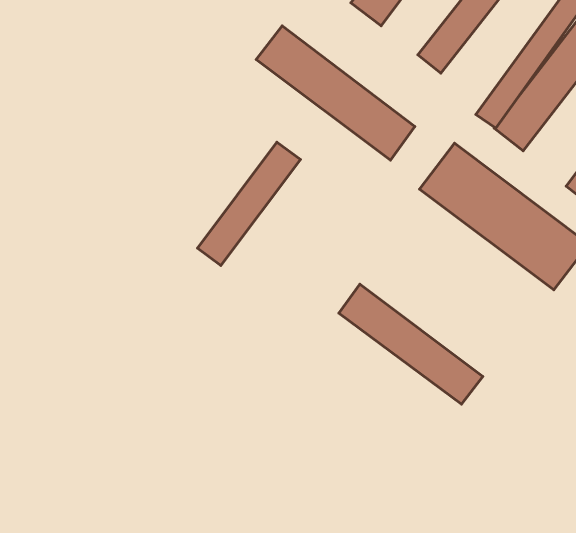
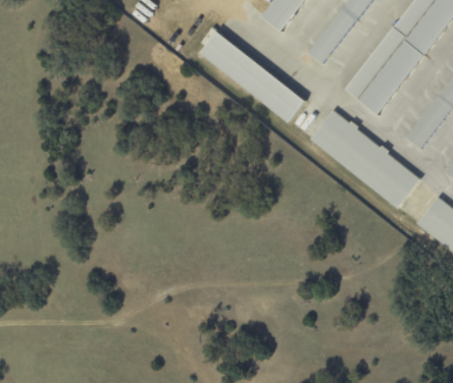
building: [197,142,300,265] -> none
building: [339,284,483,404] -> none

